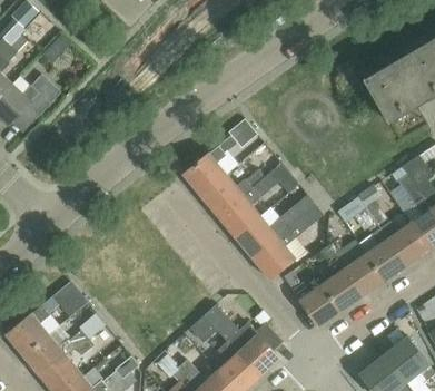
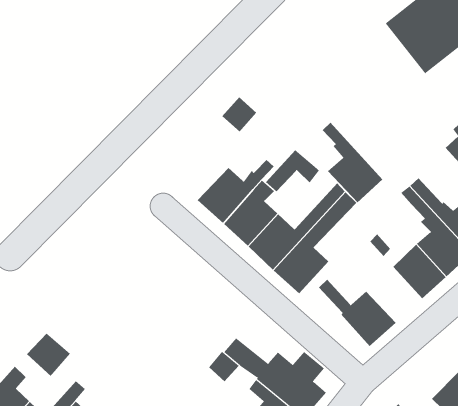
building: [182,147,227,196] -> none
building: [320,246,363,312] -> [322,122,383,203]

